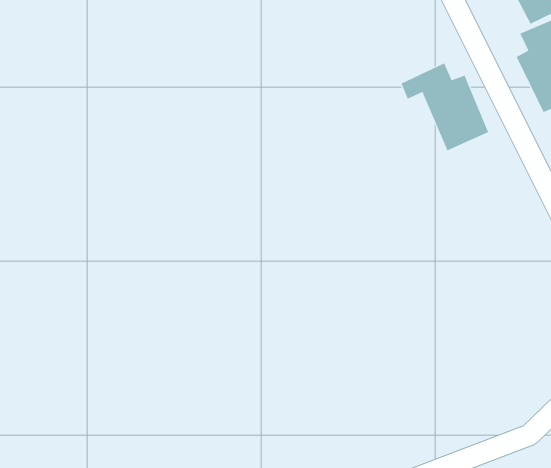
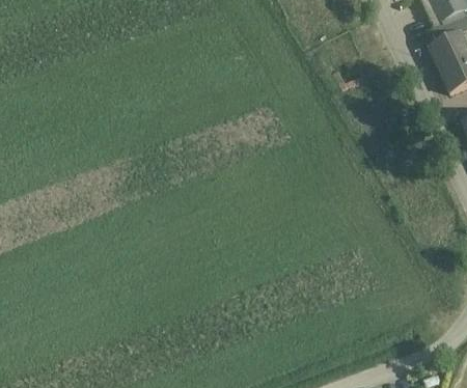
building: [401,62,489,151] -> none

